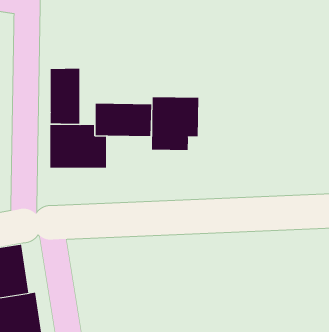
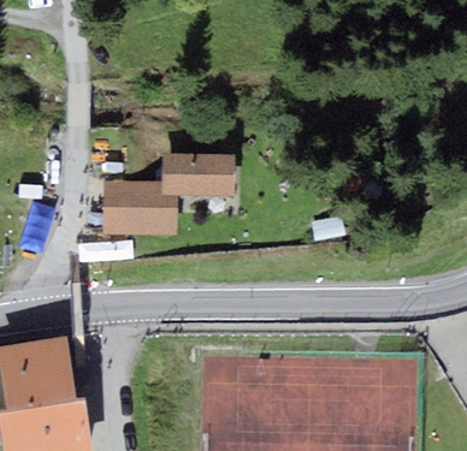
building: [50,68,80,125] -> none
building: [151,97,199,151] -> none

